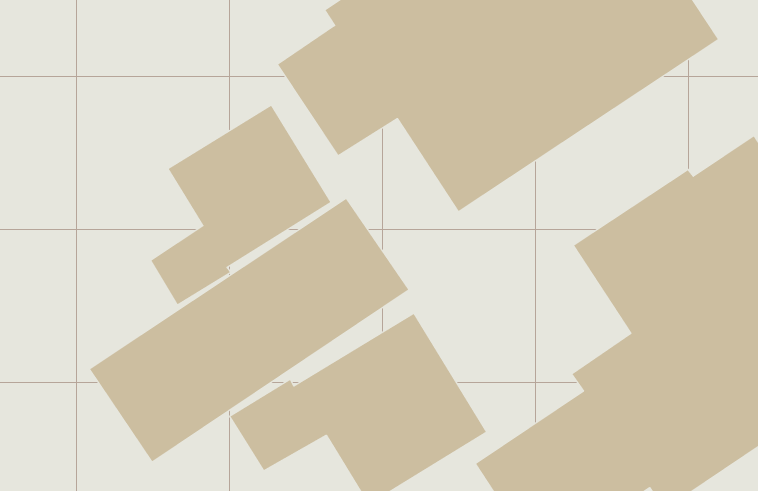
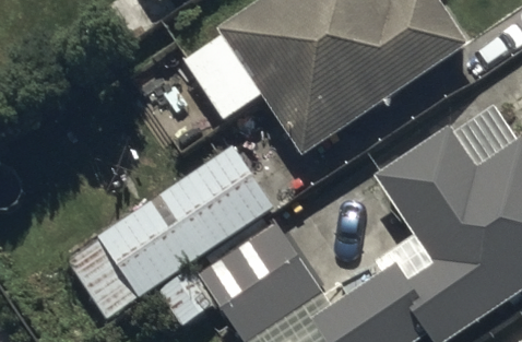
building: [150,105,331,305] -> none

